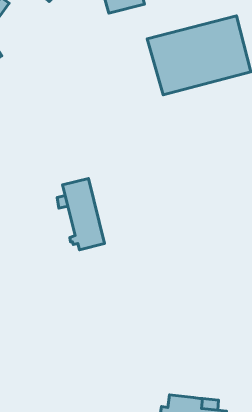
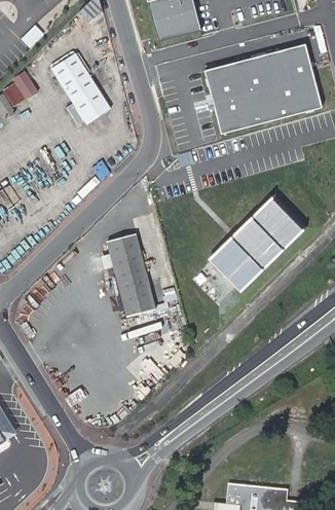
building: none -> [49,51,111,124]
building: none -> [208,192,308,292]

